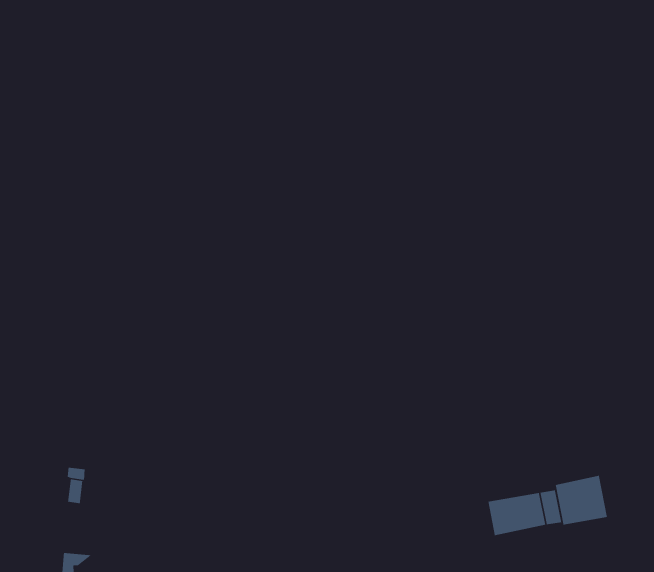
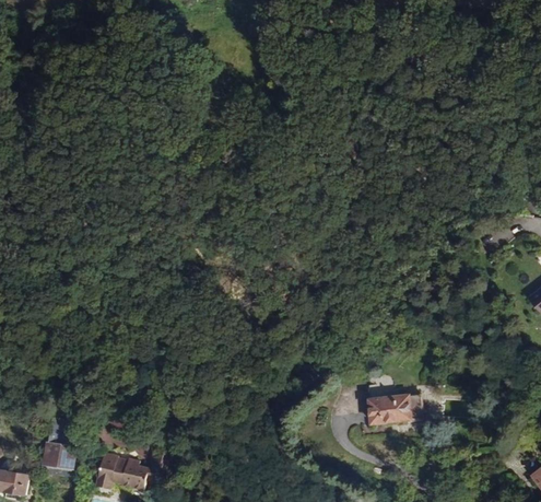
building: [555,475,608,526] -> none

